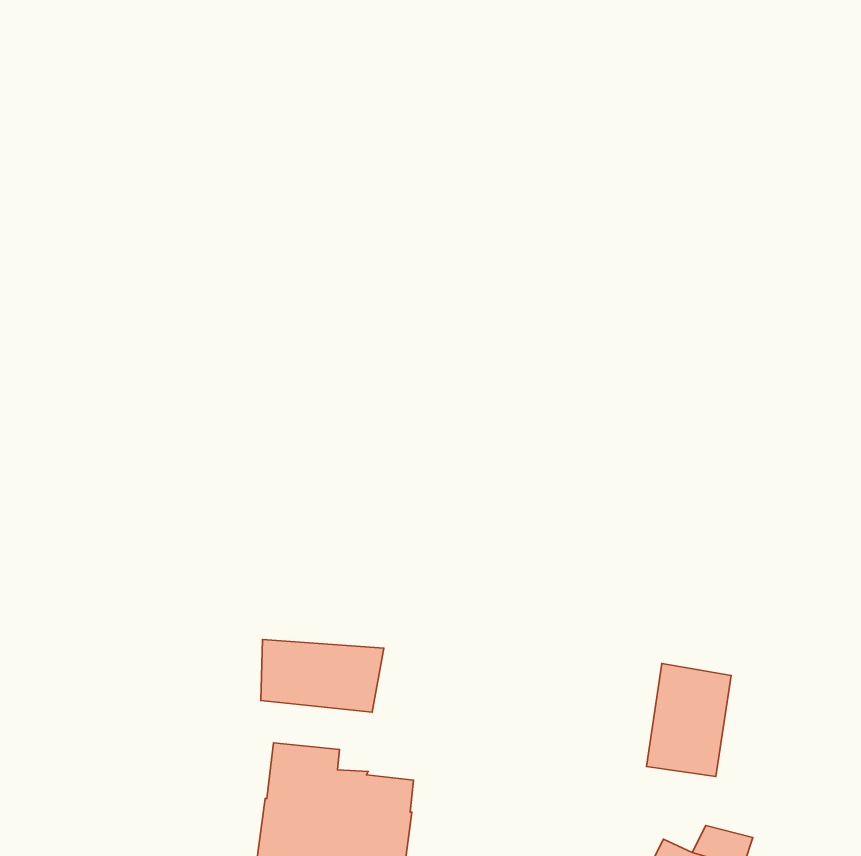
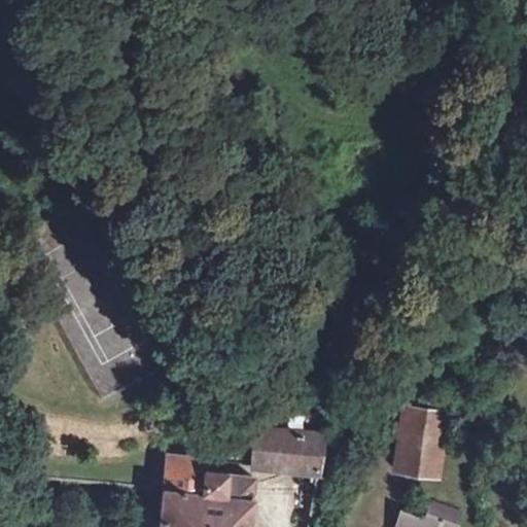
building: [261,640,384,712] -> [251,432,326,477]

